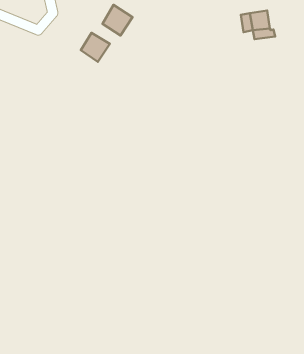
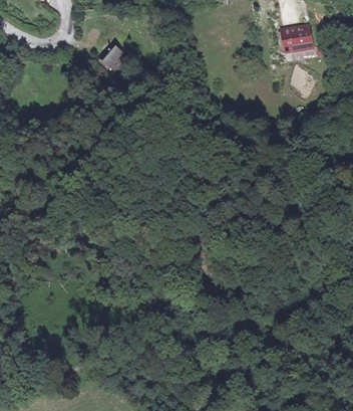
building: [102,5,133,36] -> none

